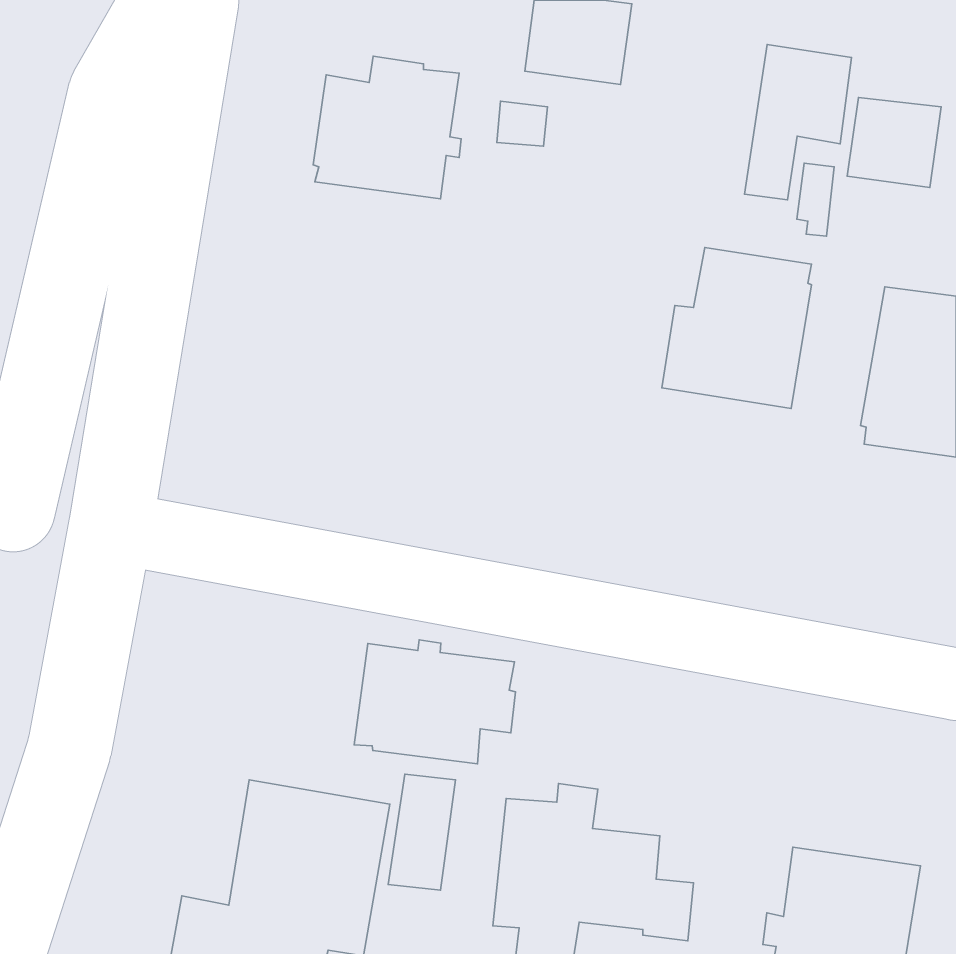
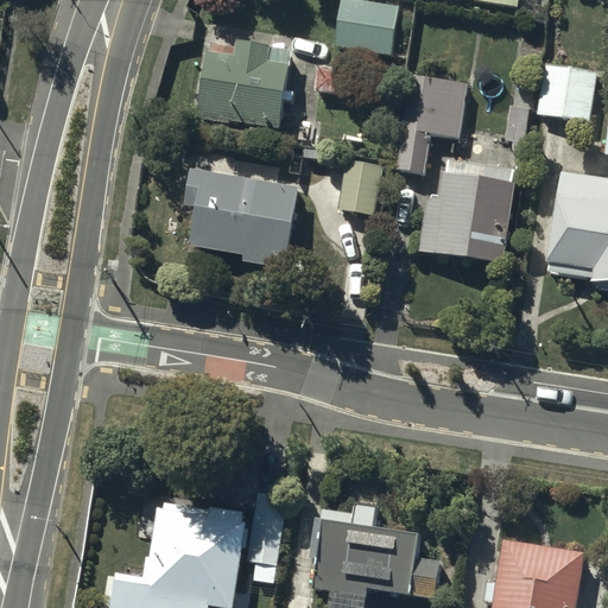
building: [745,44,851,200] -> [397,81,464,179]
building: none -> [338,160,382,215]
building: none -> [183,169,296,266]
building: [354,640,516,764] -> none

